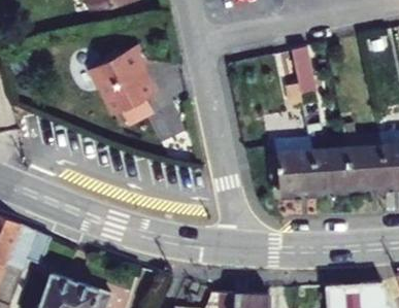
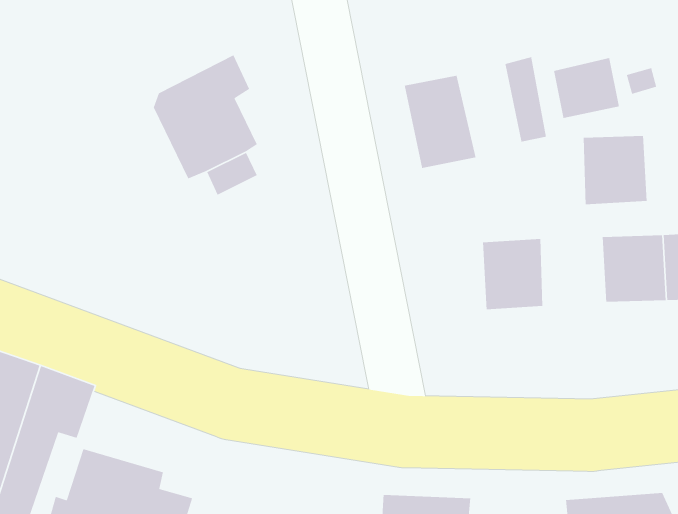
building: none -> [553,57,620,119]
building: none -> [404,75,476,169]
building: [310,147,346,186] -> [583,135,647,205]

